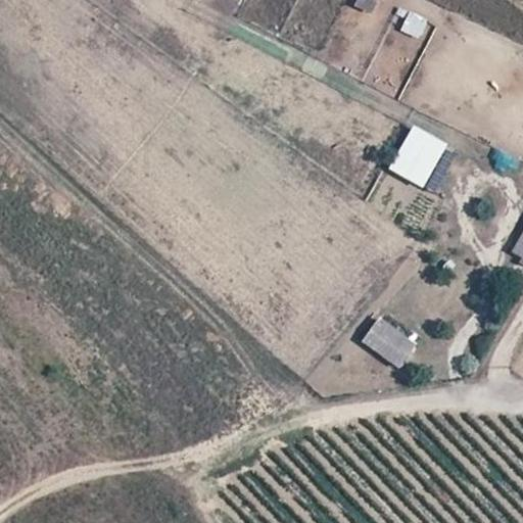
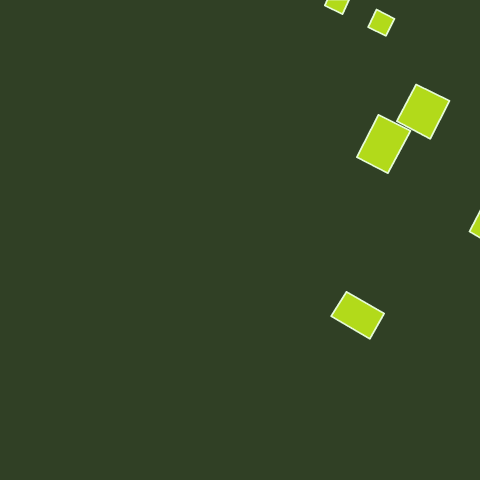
building: none -> [397,84,450,139]

